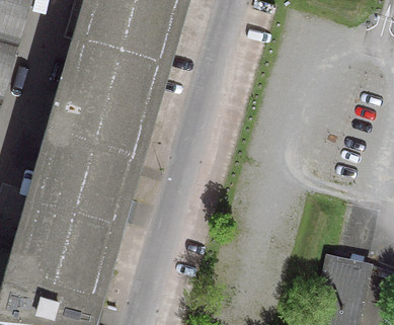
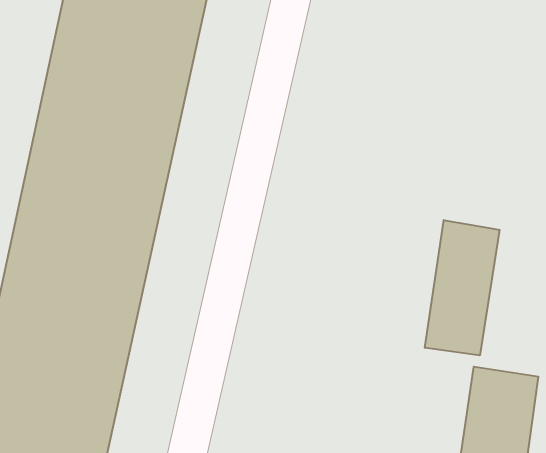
building: none -> [425,220,499,355]

